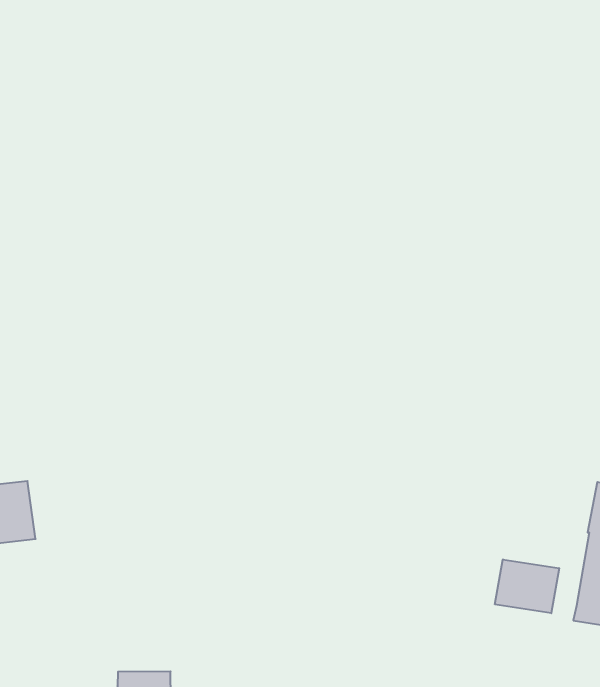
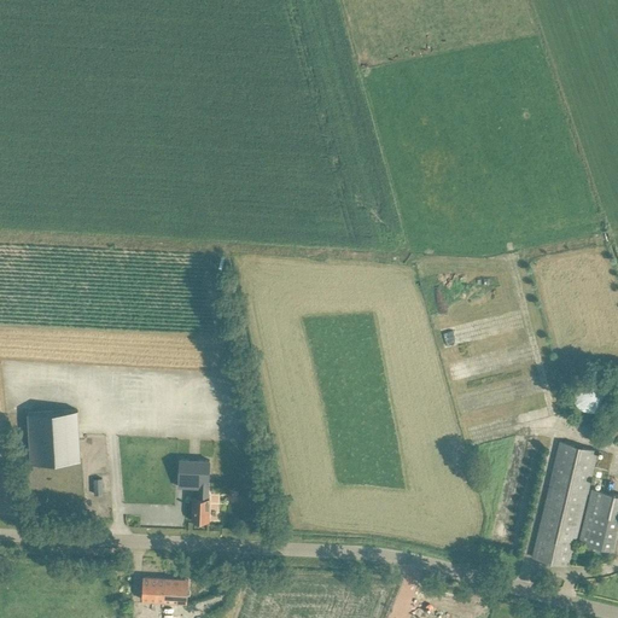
building: none -> [177,461,209,523]
building: [495,559,559,613] -> none

